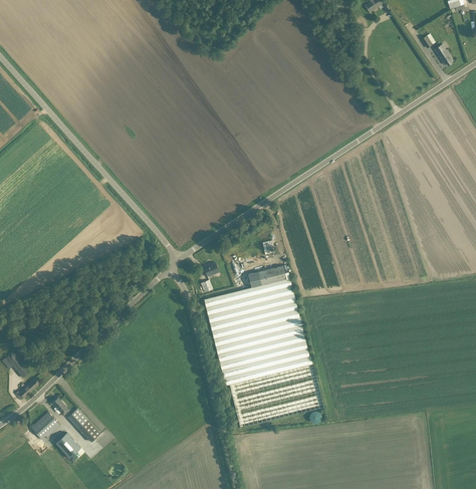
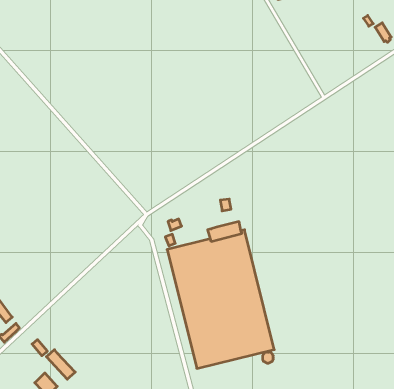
building: [30,411,58,438] -> none

